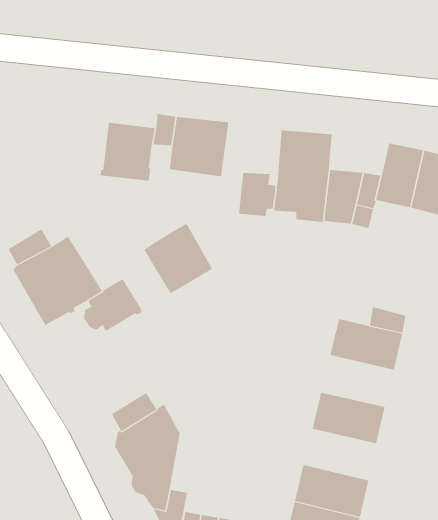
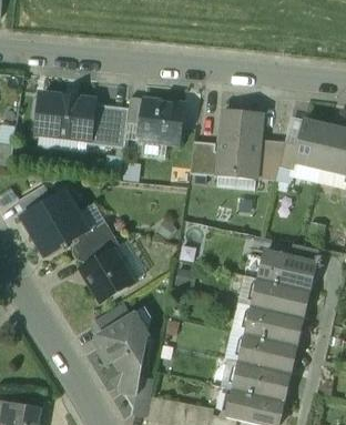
building: none -> [35,92,93,139]
building: [144,223,213,294] -> [81,247,133,301]
building: none -> [253,279,308,317]
building: none -> [240,334,296,373]

